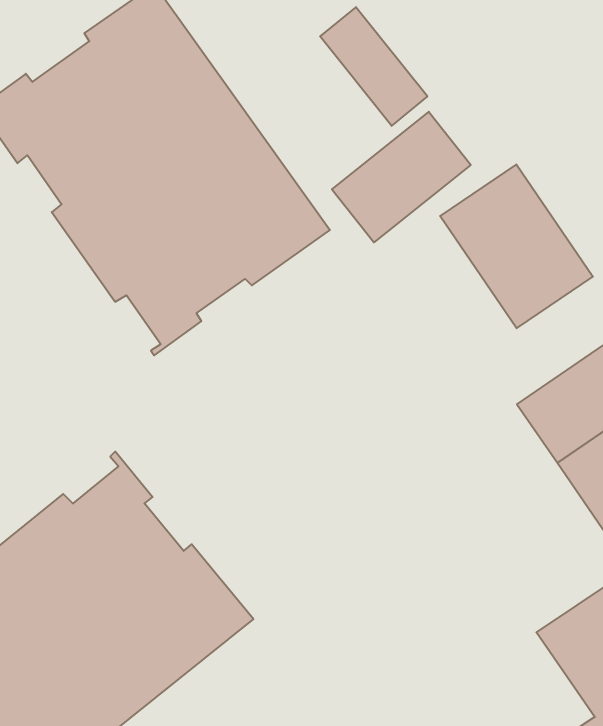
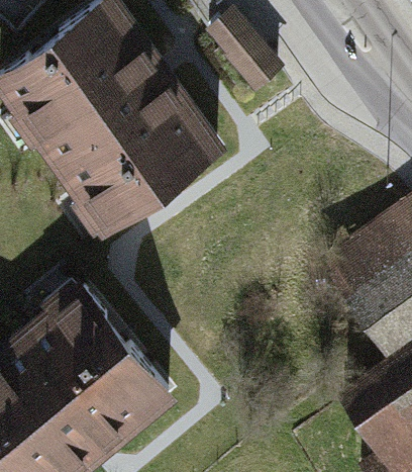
building: [332,112,471,242] -> none
building: [440,164,593,328] -> none

